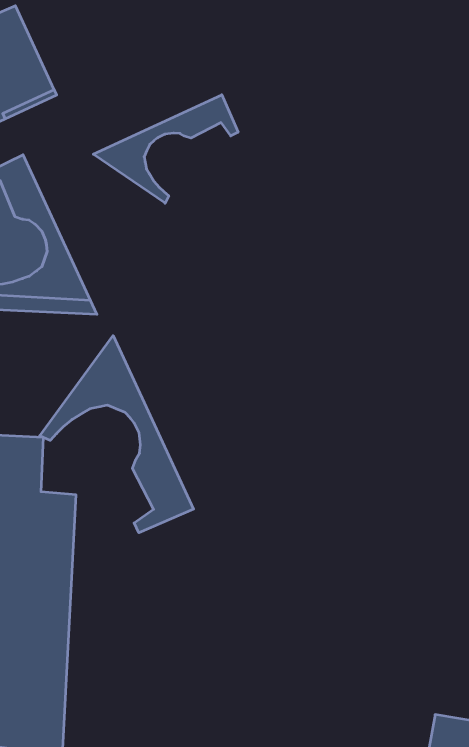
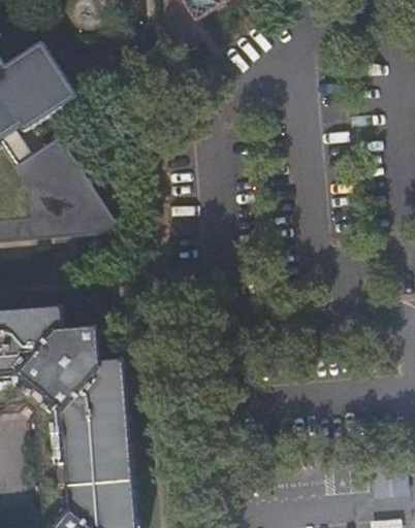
building: [93,95,238,203] -> none
building: [40,336,194,533] -> none

